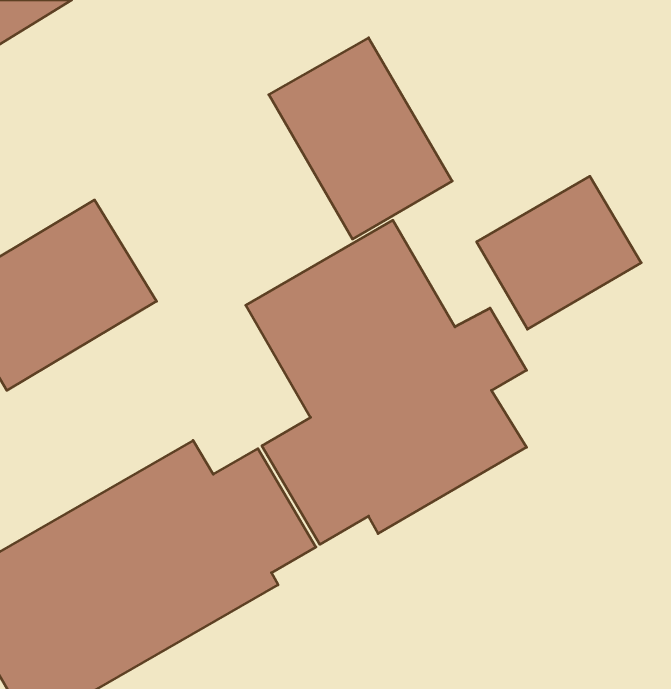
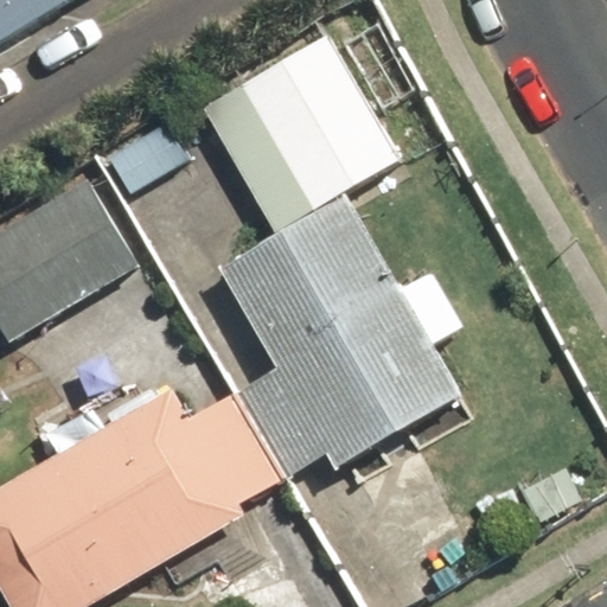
building: [477,176,641,329] -> none

